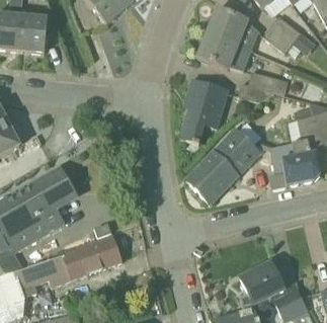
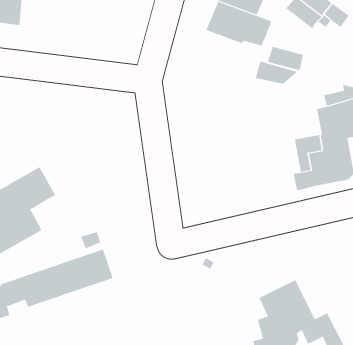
building: [181,78,229,143] -> none
building: [186,130,259,203] -> none

